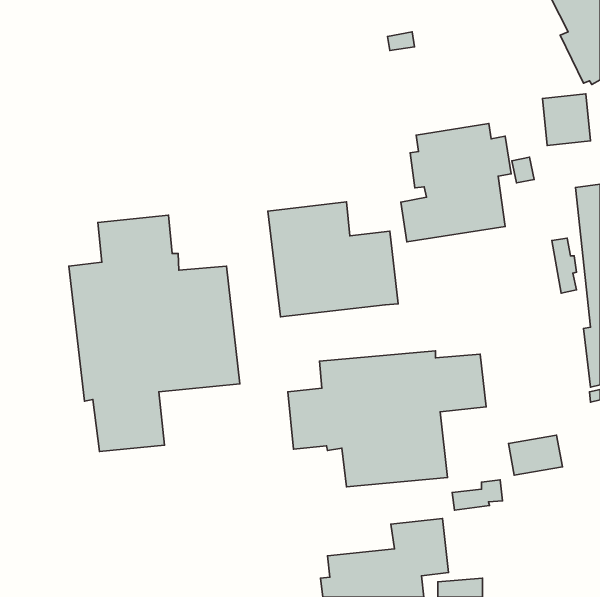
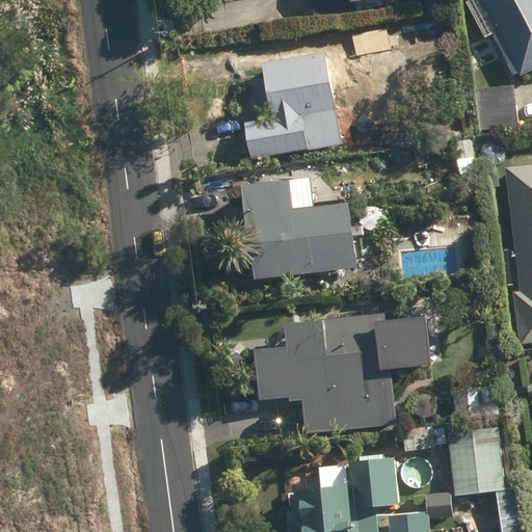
building: [401,123,511,242] -> [245,54,343,159]
building: [69,215,240,451] -> none
building: none -> [446,428,502,497]

